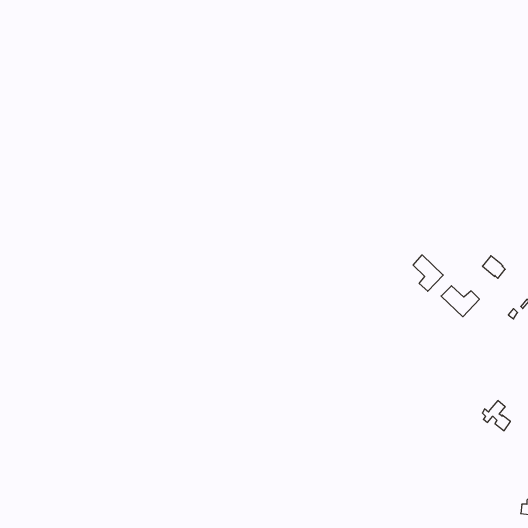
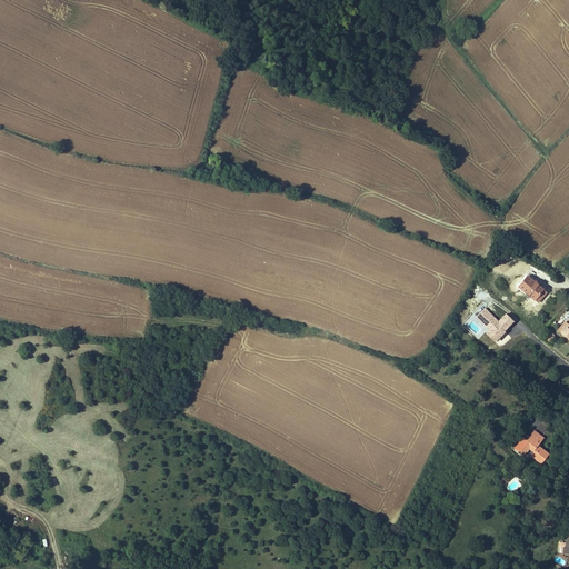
building: [413,255,443,291] -> none

